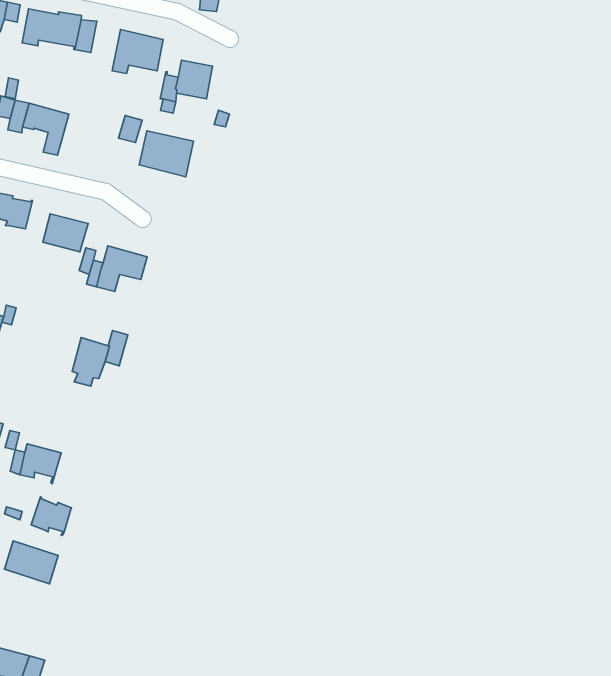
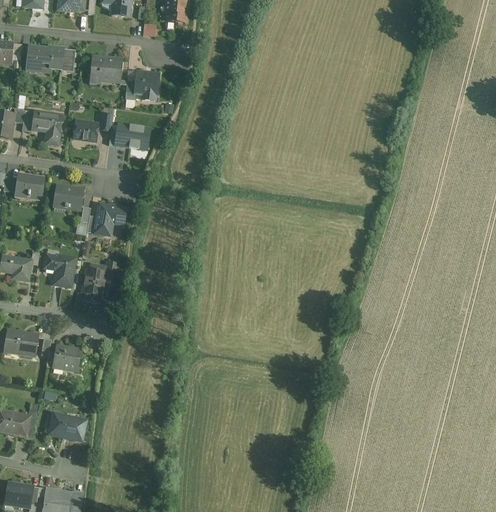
building: none -> [72,120,98,141]
building: none -> [43,255,75,288]
building: [31,497,71,535] -> none

